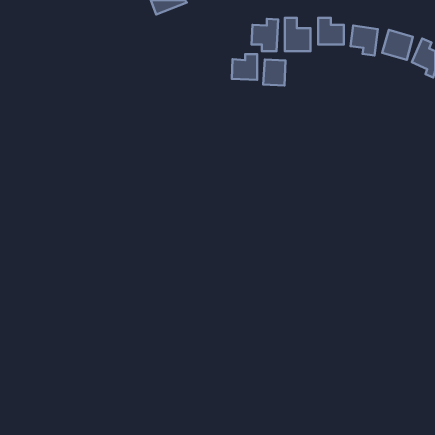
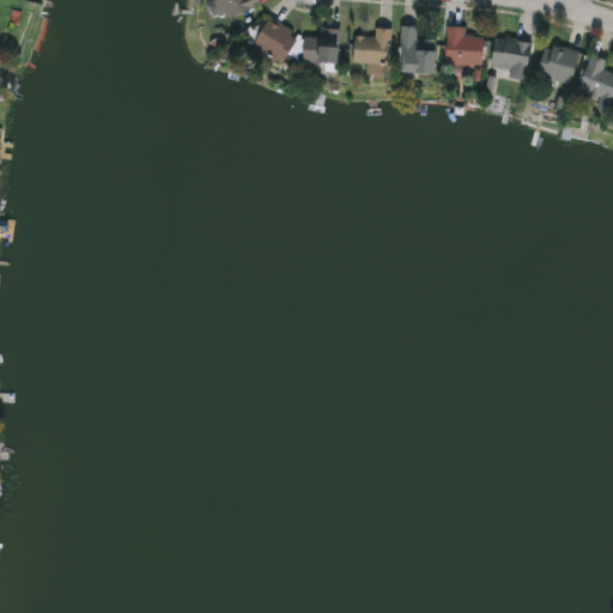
building: none -> [249,19,297,69]
building: [232,54,257,80] -> [303,29,339,65]
building: [263,60,285,86] -> none

